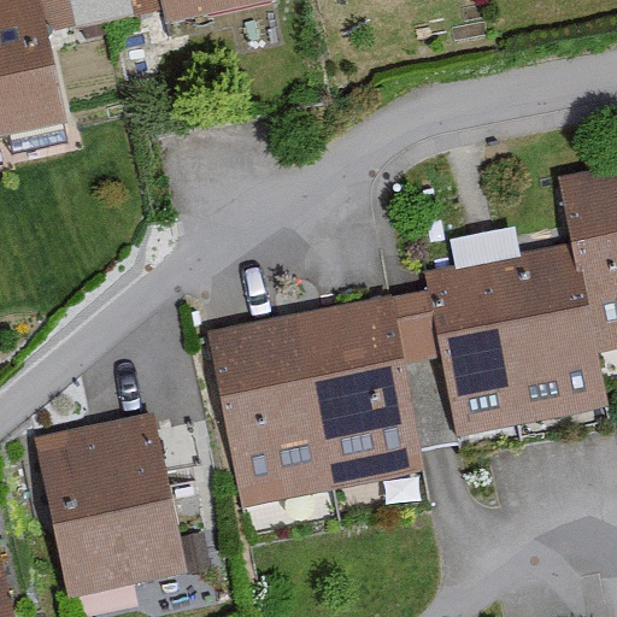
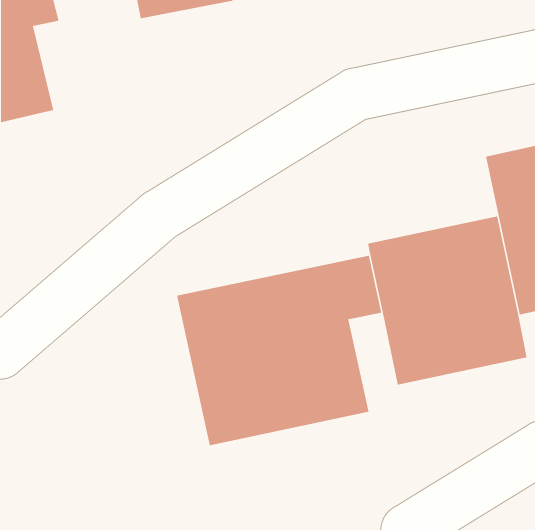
building: [34,412,178,595] -> none

